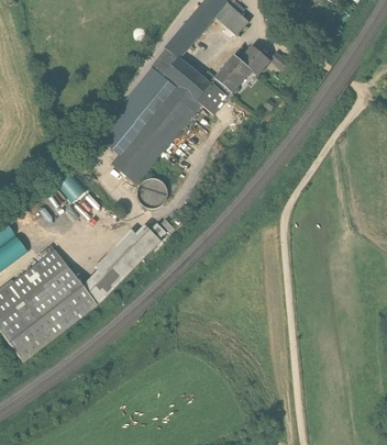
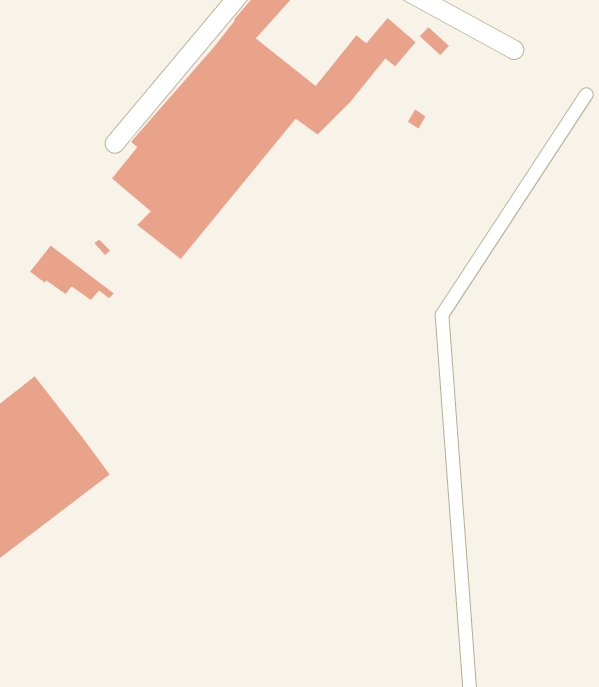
building: [136,177,167,207] -> none
building: [81,218,175,303] -> none

